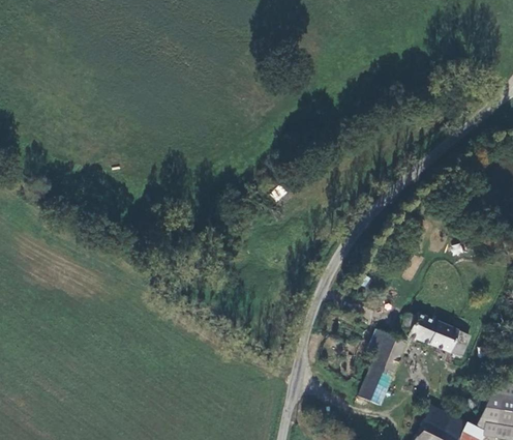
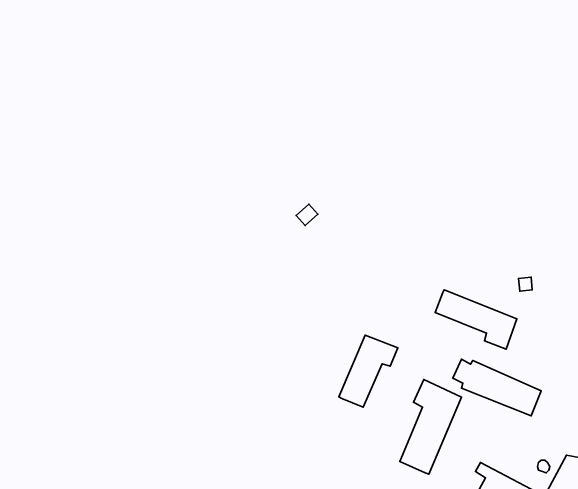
building: none -> [435,290,517,349]
building: none -> [339,335,398,407]

